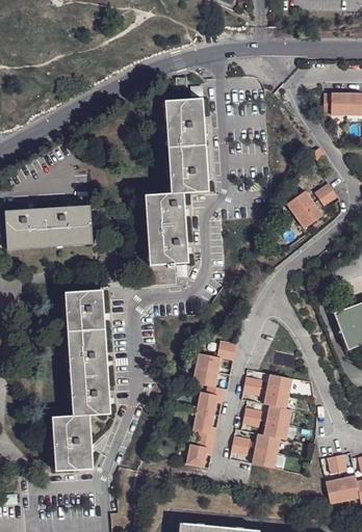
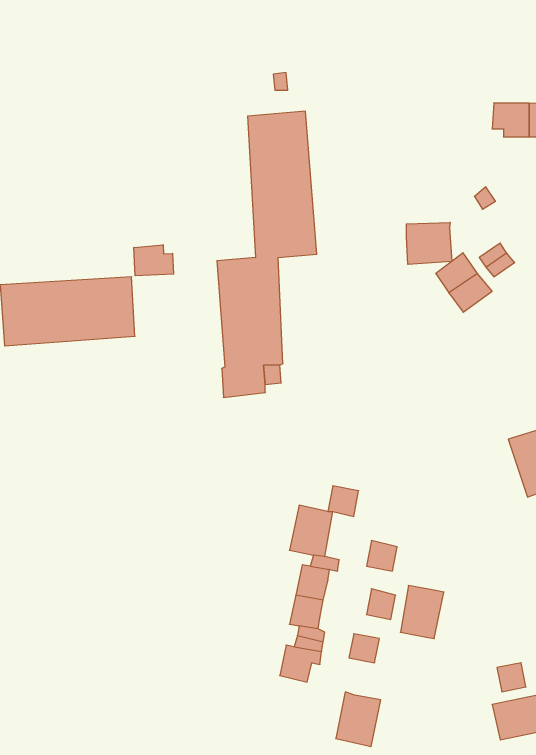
building: none -> [406,222,452,264]
building: none -> [134,245,173,276]
building: [49,291,111,471] -> none
building: [264,374,292,408] -> none
building: [252,433,281,469] -> [336,692,381,747]

